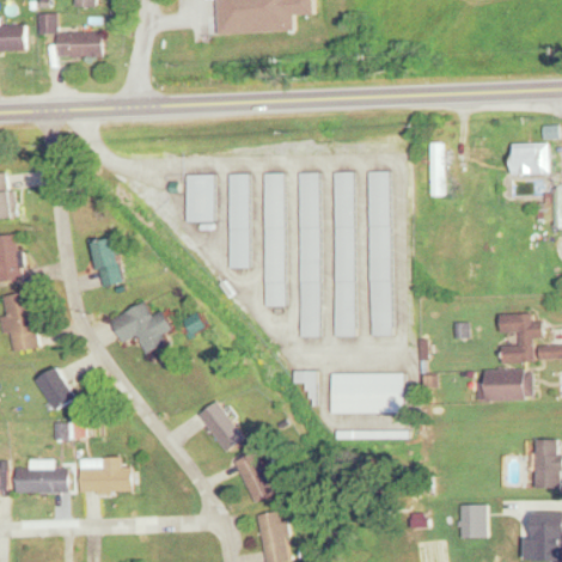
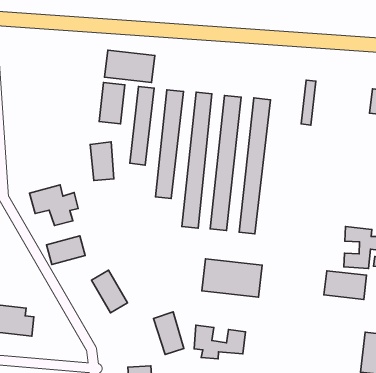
building: none -> [105,50,155,82]
building: [90,238,123,287] -> [90,142,114,180]
building: none -> [47,236,85,264]
building: [233,451,274,503] -> [154,312,184,354]
building: none -> [194,325,245,359]

